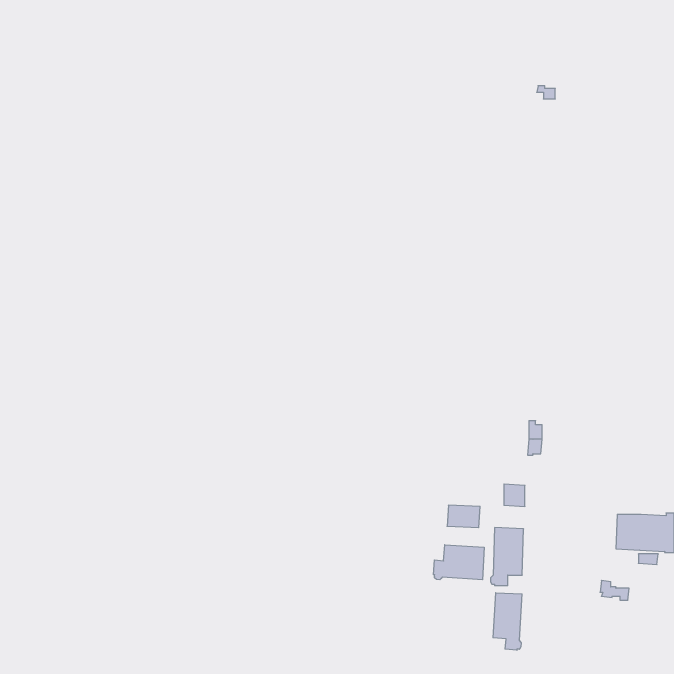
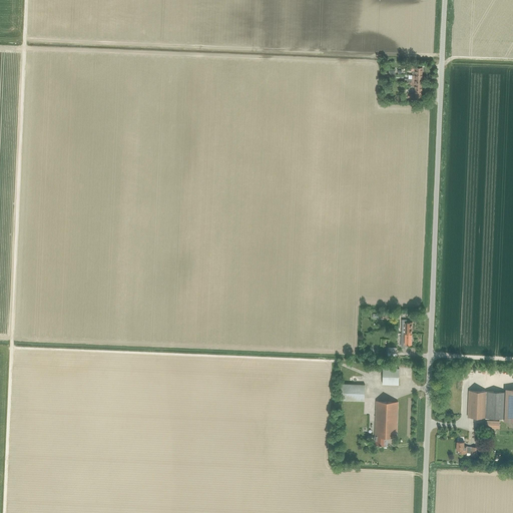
building: [434,545,484,580] -> none
building: [493,593,522,650] -> none

